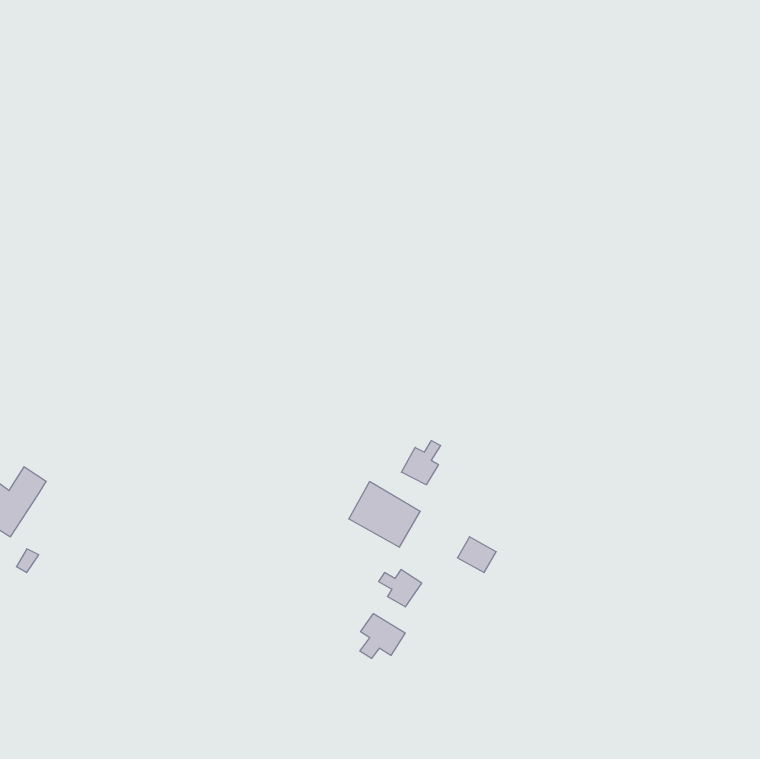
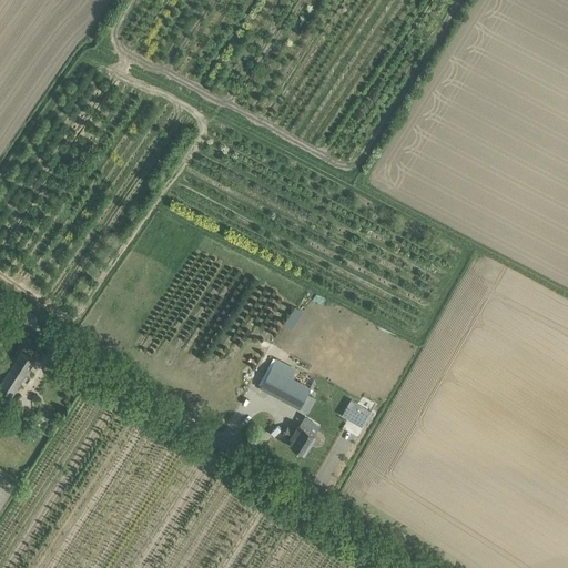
building: [401,441,441,485] -> none
building: [360,614,405,658] -> none

